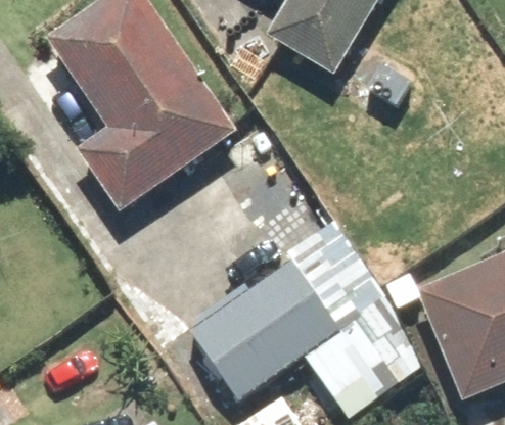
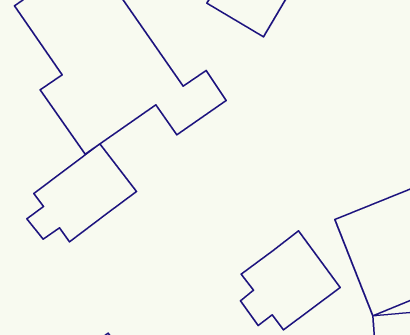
building: none -> [27,144,137,242]
building: [192,254,345,397] -> none

